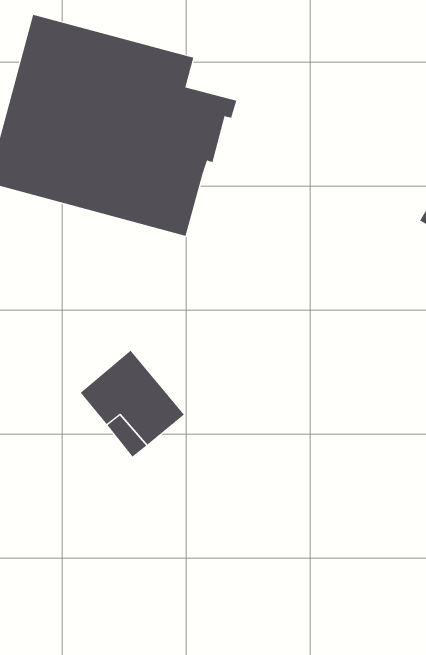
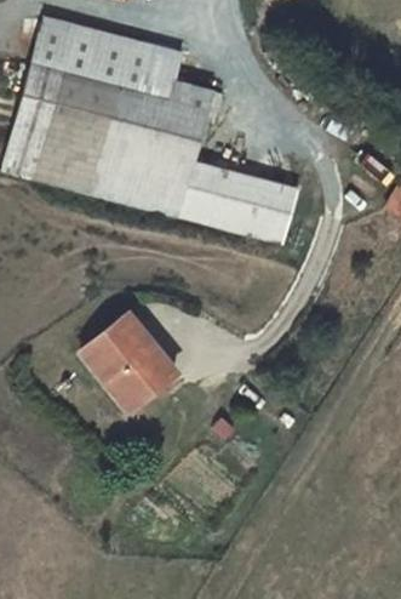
building: none -> [179,159,300,244]

